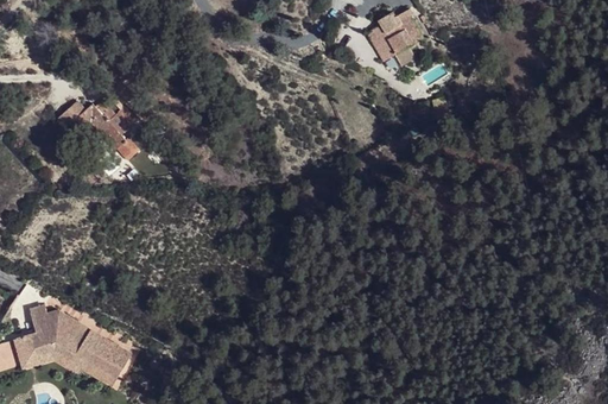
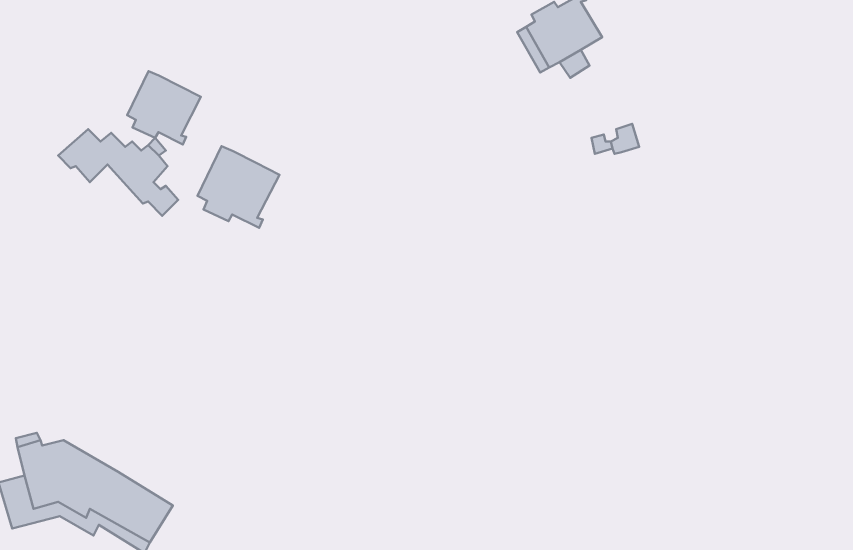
building: none -> [127,71,201,144]
building: none -> [197,146,279,228]

